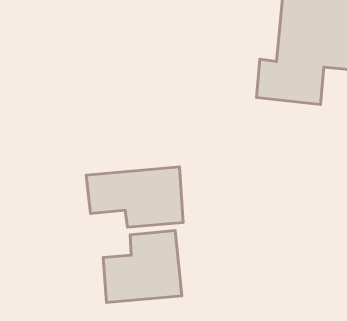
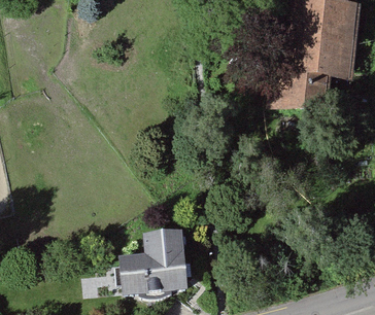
building: [86,167,183,227] -> none

